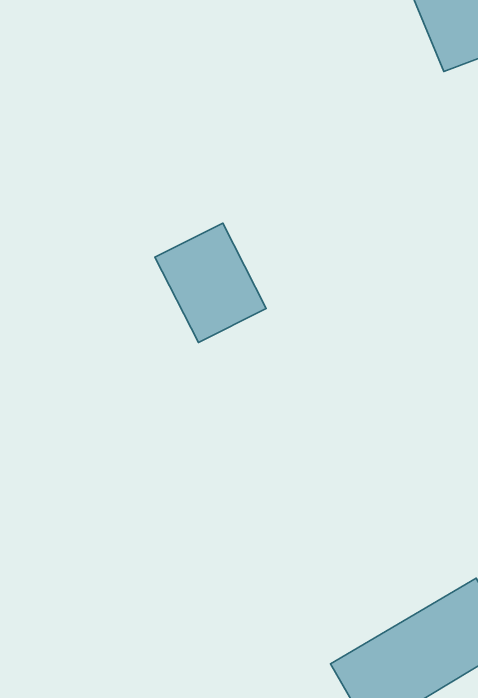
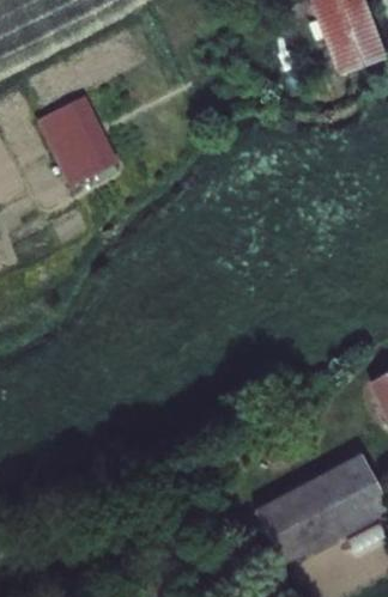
building: [155,223,266,343] -> [37,99,120,188]

